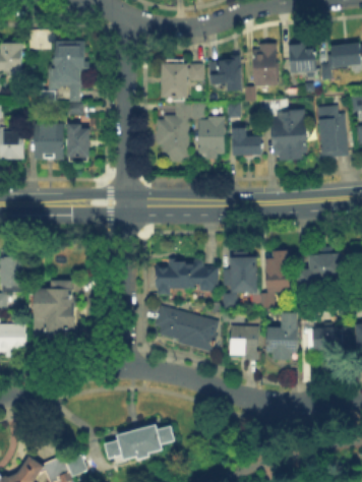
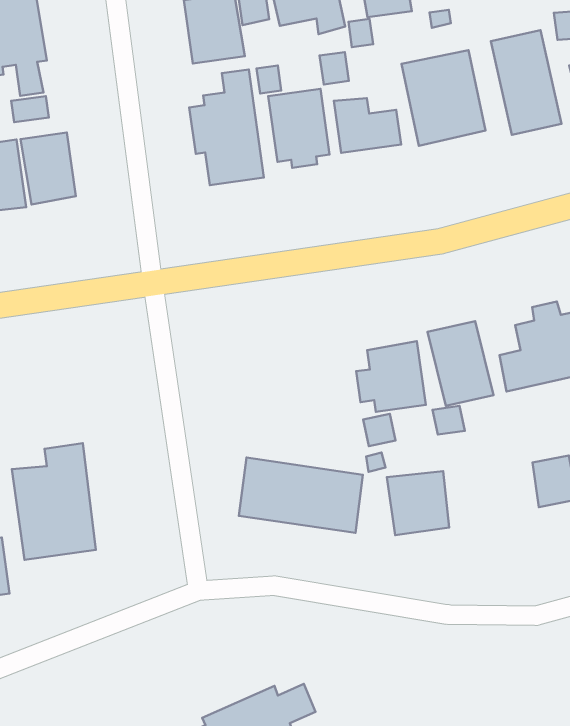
building: [155,258,219,288] -> none
building: [266,312,299,358] -> none

